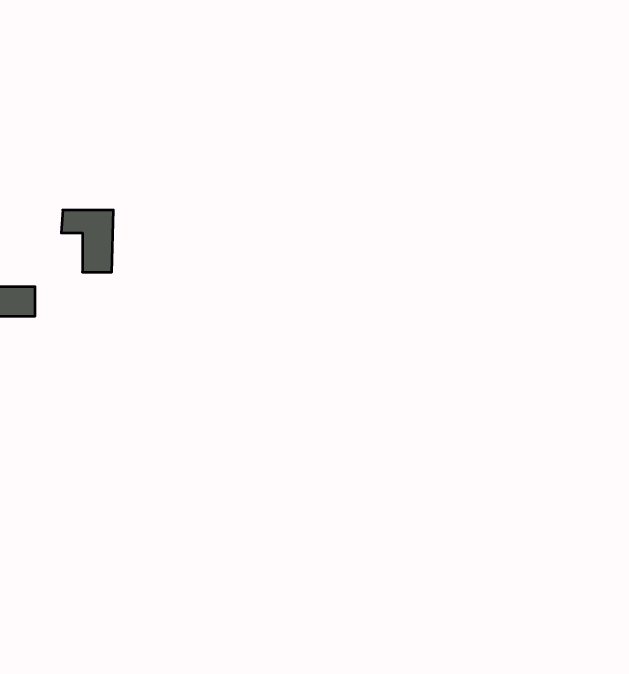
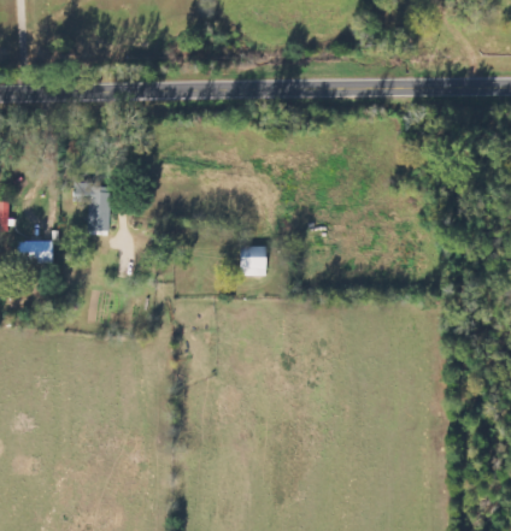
building: none -> [239,247,265,277]

